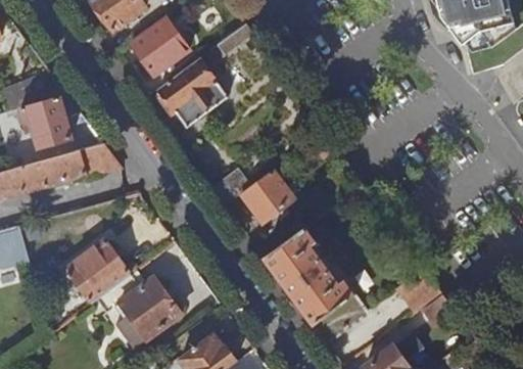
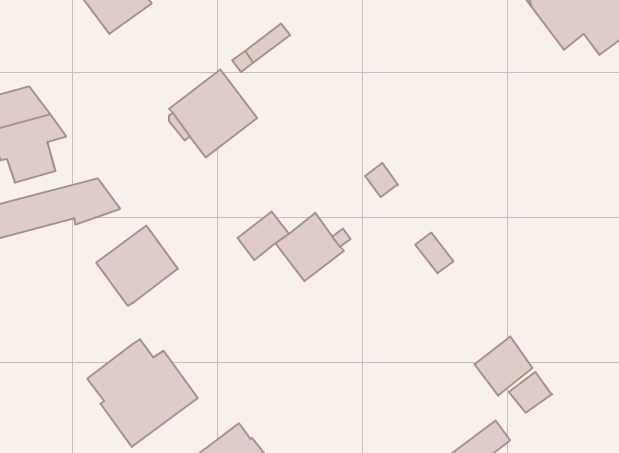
building: [131,18,188,75] -> none
building: [263,227,368,343] -> none
building: [65,239,129,302] -> [96,226,178,306]

